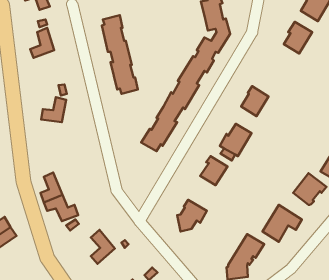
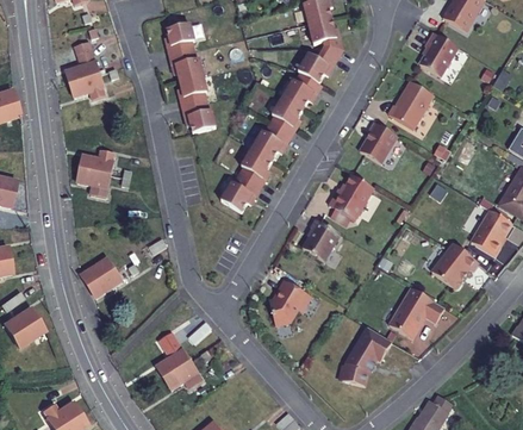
building: none -> [70,71,110,110]
building: none -> [388,80,434,129]
building: none -> [79,168,112,195]
building: none -> [160,348,199,380]

